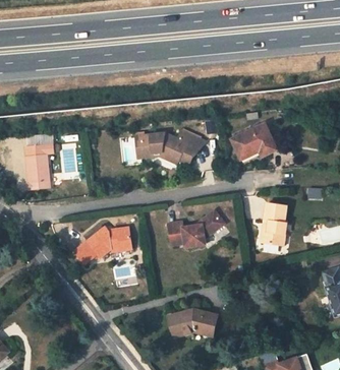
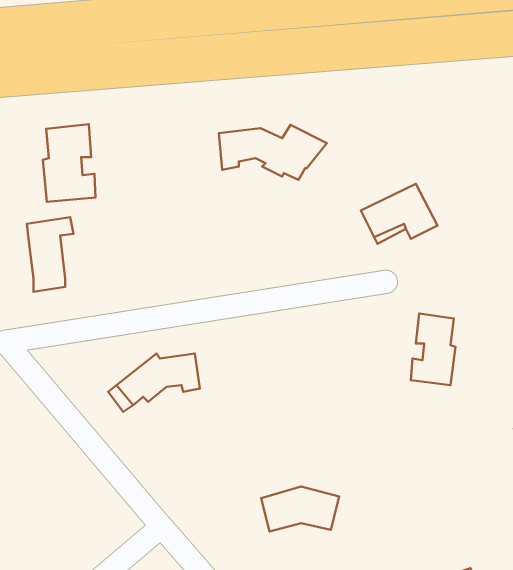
building: none -> [43,124,96,202]
building: [137,130,204,164] -> [219,125,327,180]
building: [168,210,223,246] -> none

